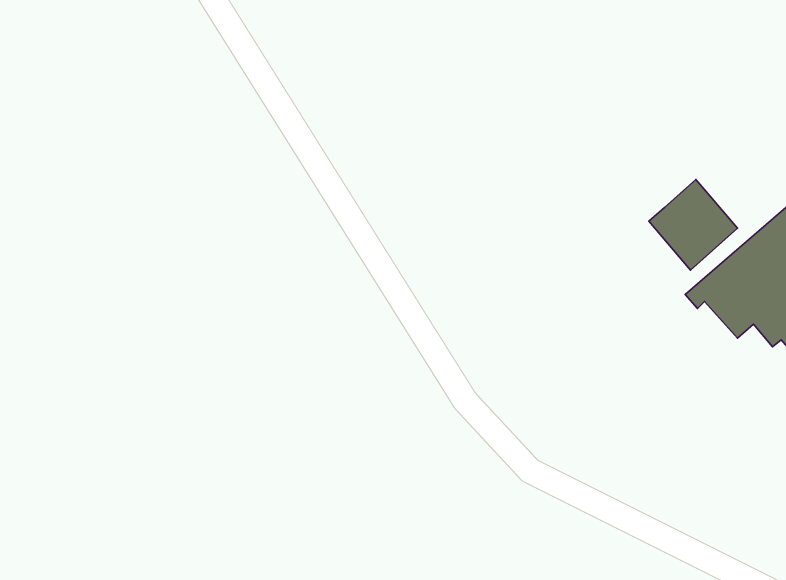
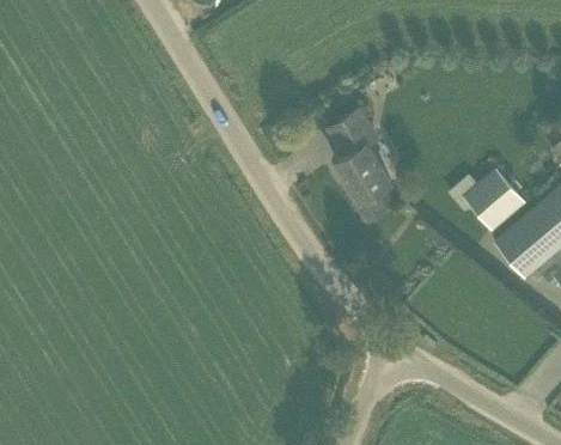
building: none -> [329,109,391,220]

